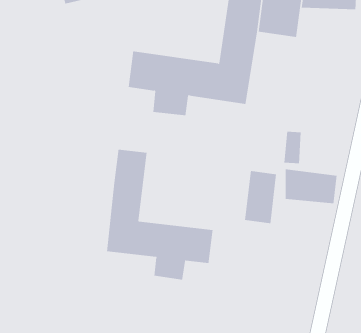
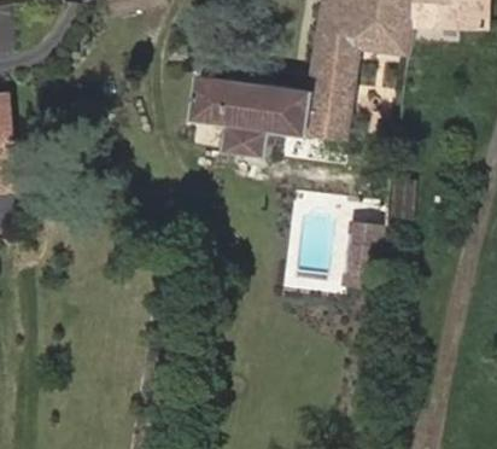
building: [106,149,213,281] -> none
building: [285,169,337,204] -> none

